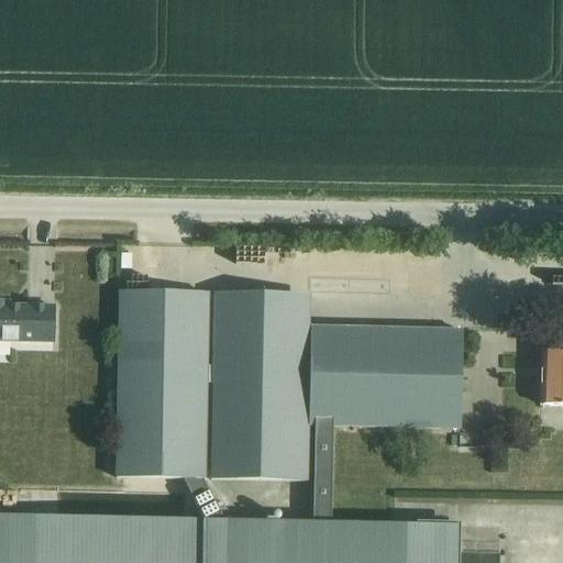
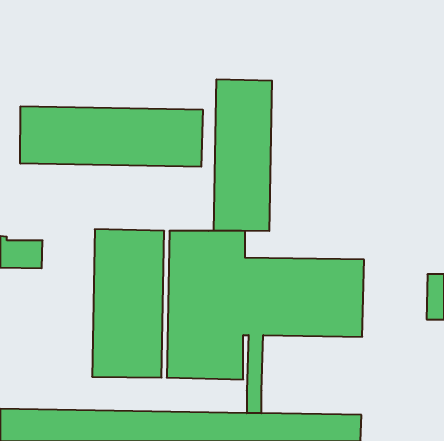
building: none -> [214,79,272,231]
building: none -> [20,106,203,167]

